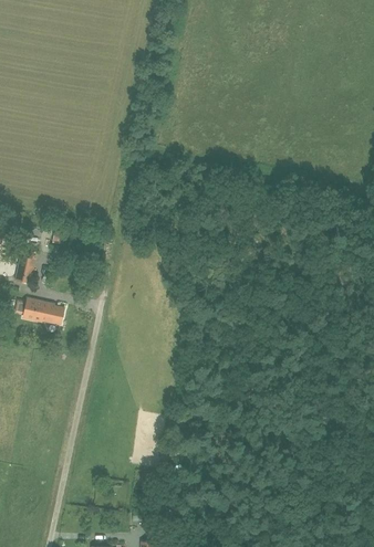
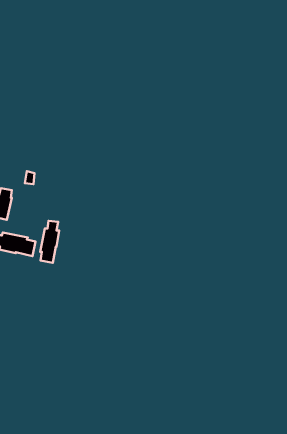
building: none -> [40,221,59,263]

